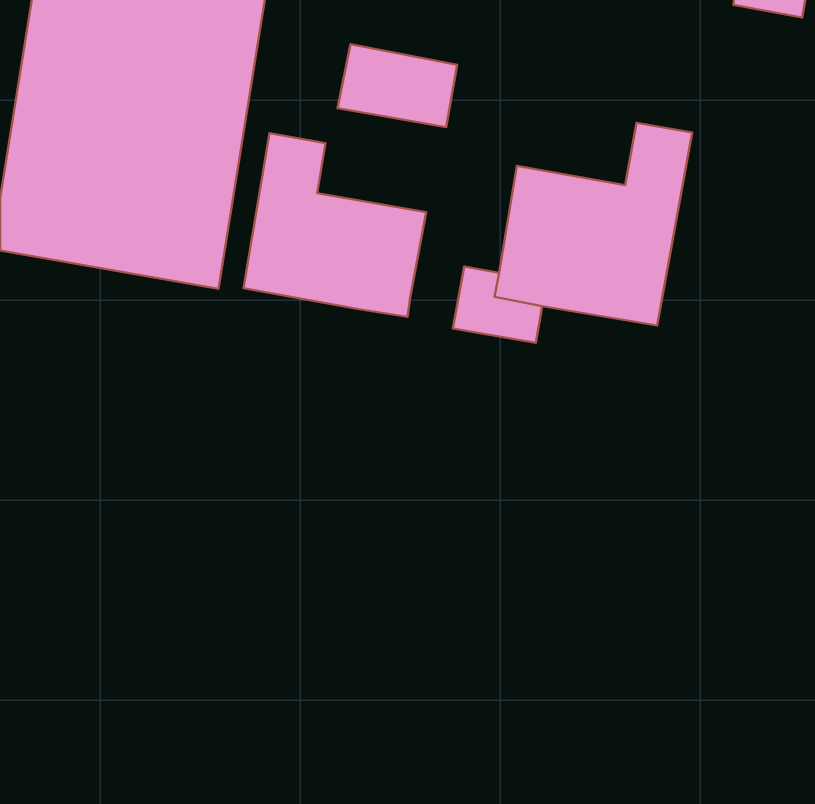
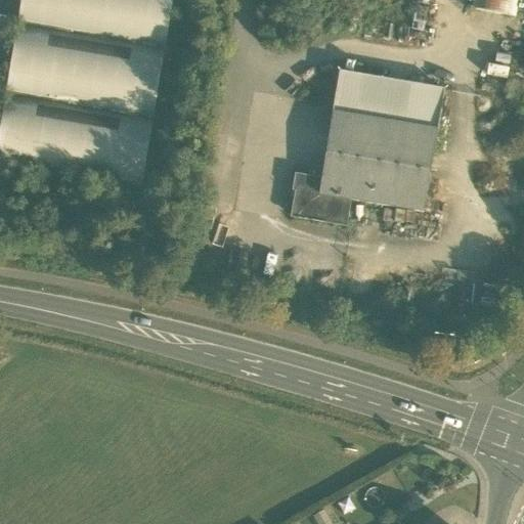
building: [338,44,457,127] -> [332,66,408,119]
building: [244,133,426,317] -> none

